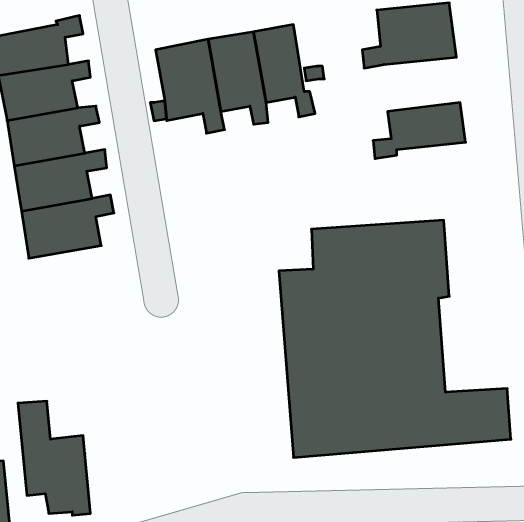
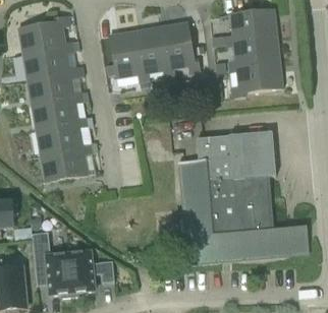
building: none -> [227,40,280,71]
building: none -> [38,143,91,182]
building: none -> [68,250,114,296]

